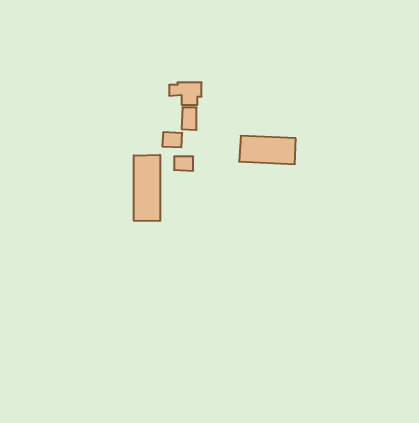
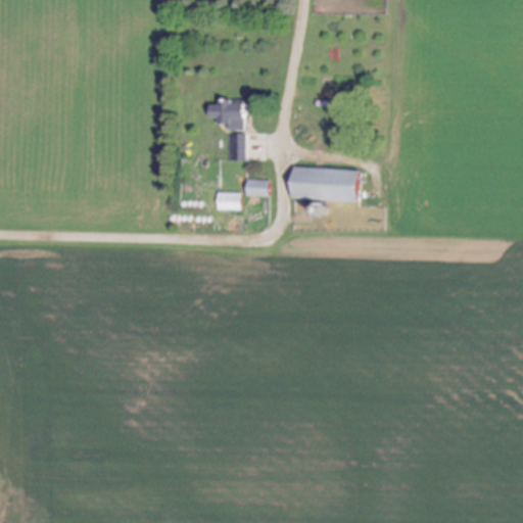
building: [162,132,182,147] -> [243,178,268,196]
building: [134,155,160,221] -> none

